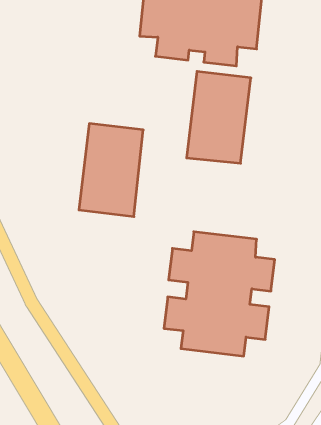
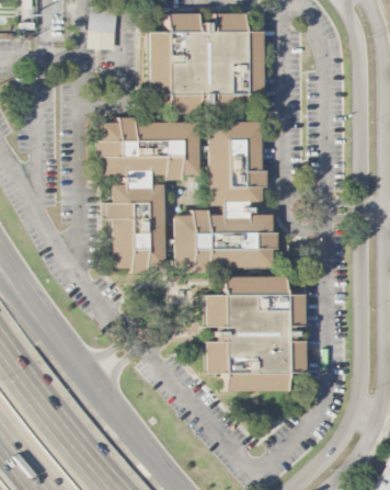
building: none -> [101,122,199,175]
building: none -> [175,214,273,266]

